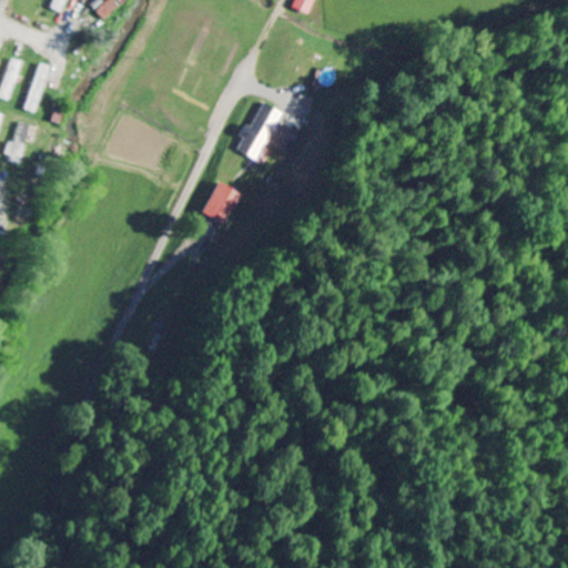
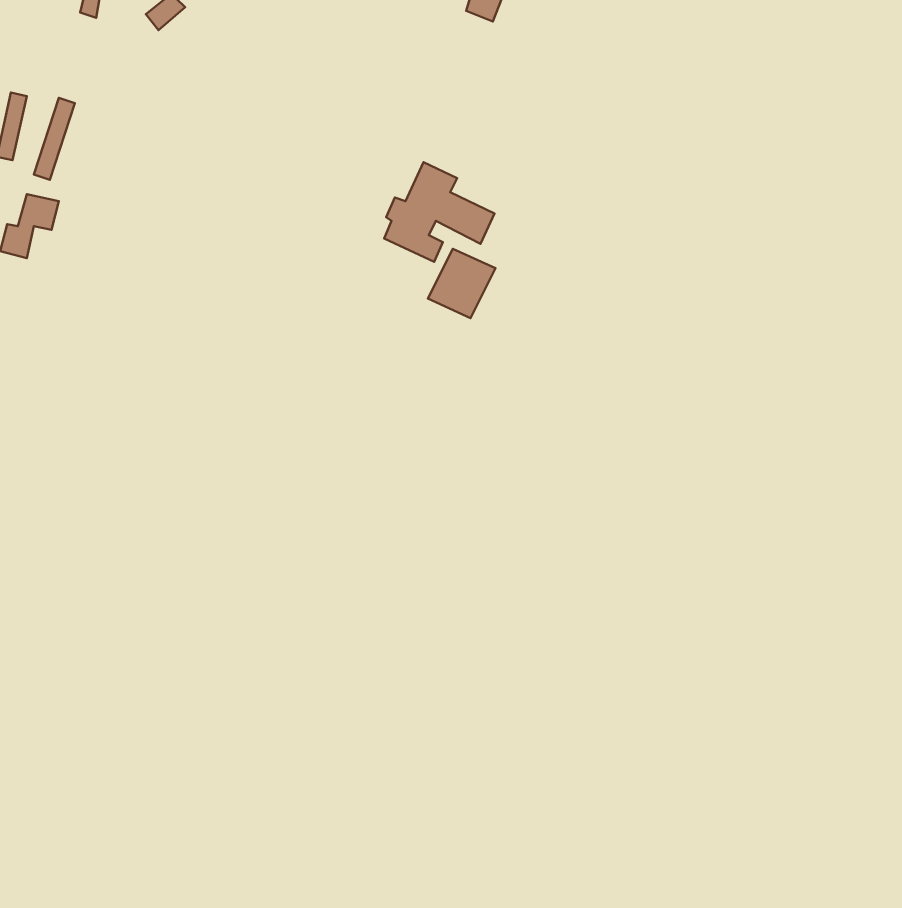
building: [206,181,248,224] -> [428,249,496,318]

